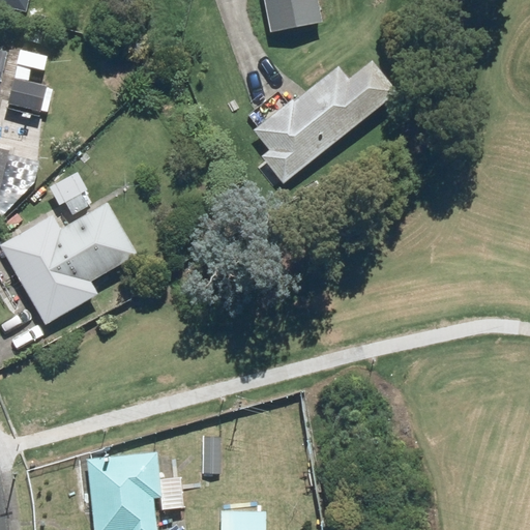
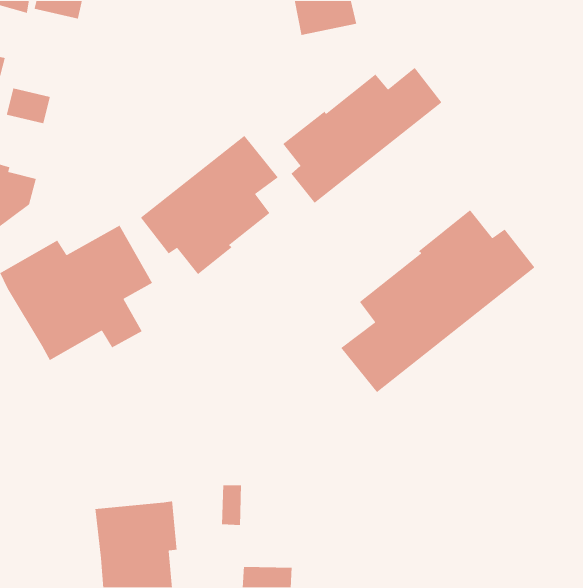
building: none -> [140,135,279,275]
building: none -> [340,209,535,393]

